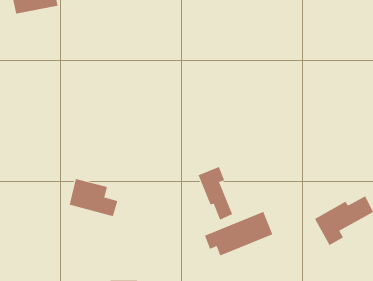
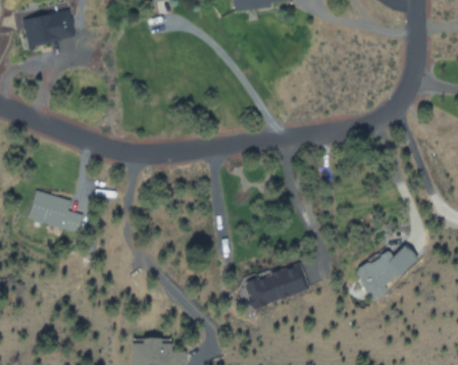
building: [198,166,233,221] -> none
building: [69,179,118,217] -> [28,191,82,232]

